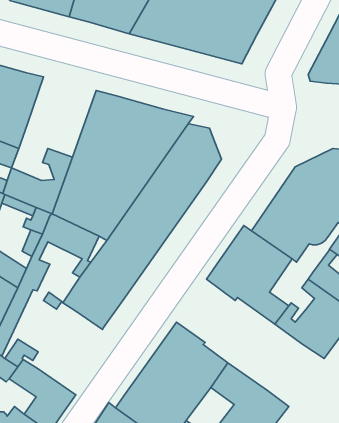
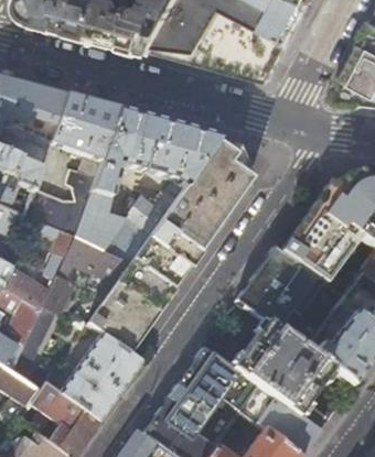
building: none -> [51,93,121,175]
building: none -> [232,319,334,415]
building: none -> [61,334,142,420]

